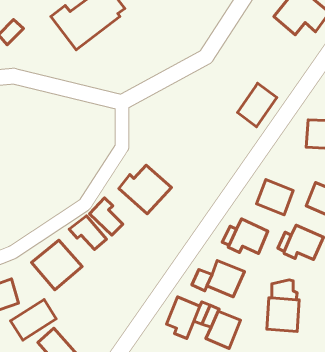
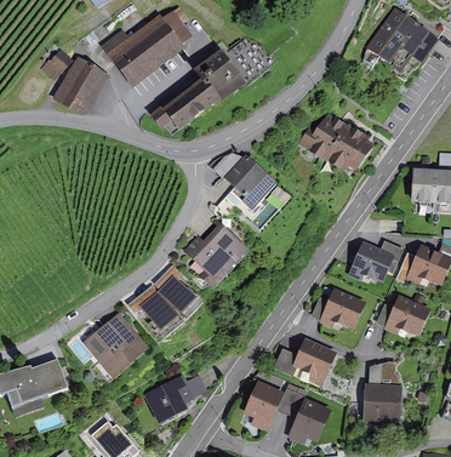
building: none -> [155,50,247,131]
building: none -> [55,59,105,113]
building: none -> [302,114,349,164]
building: none -> [224,156,275,208]
building: [11,300,56,340] -> [145,375,200,423]

